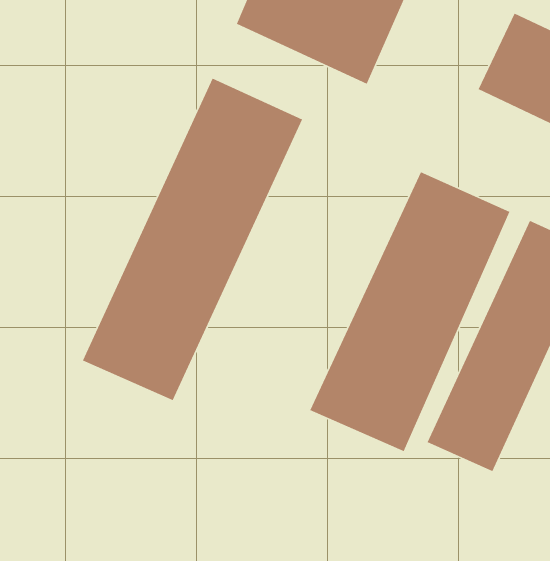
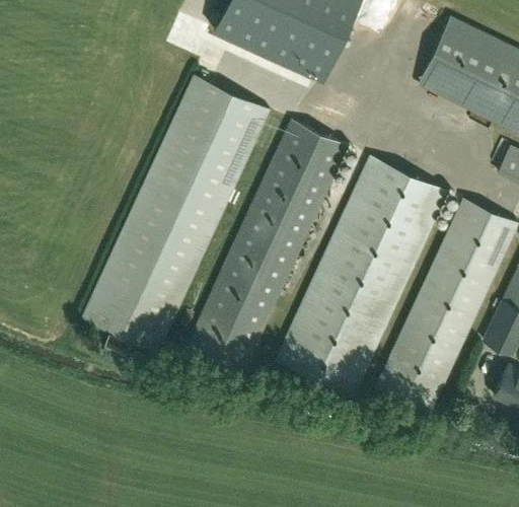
building: none -> [188,121,347,373]

